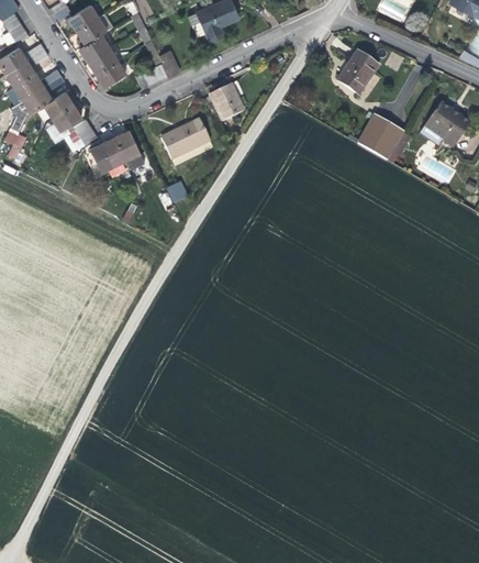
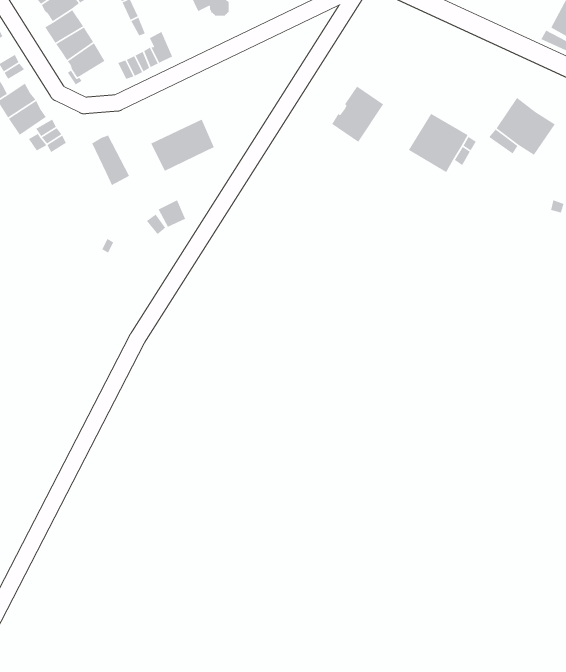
building: [337,49,378,93] -> [331,85,384,143]
building: [207,82,244,121] -> none
building: [89,136,126,172] -> none

